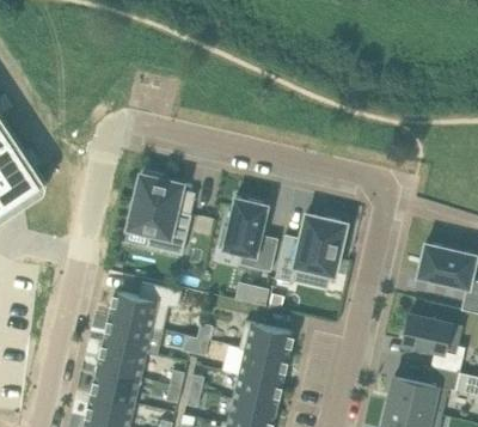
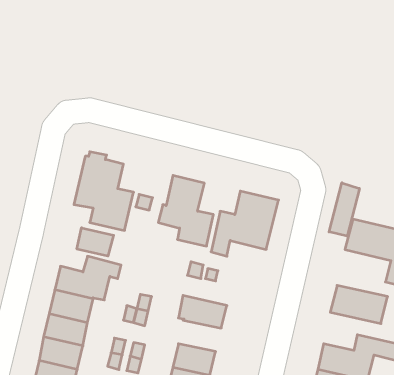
building: none -> [329,183,359,236]
building: none -> [77,228,114,256]
building: [240,350,286,384] -> none

